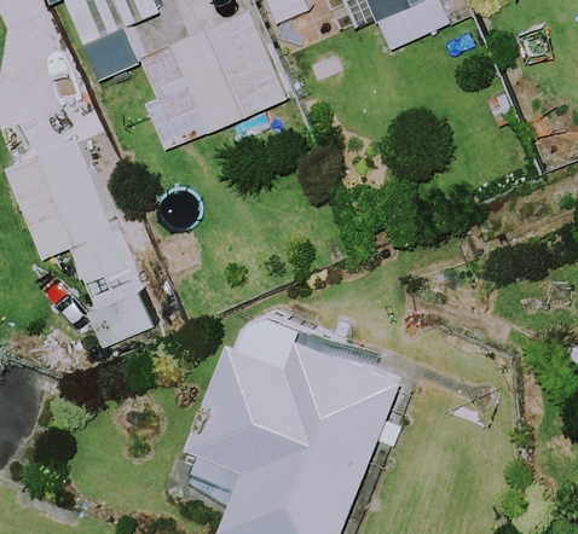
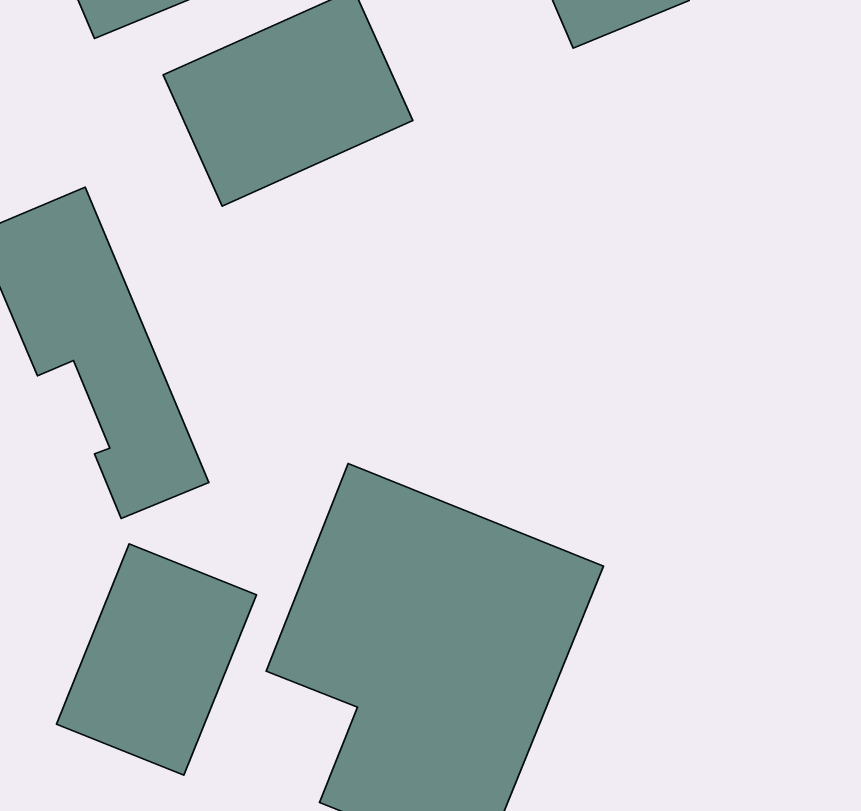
building: none -> [57,544,257,775]

